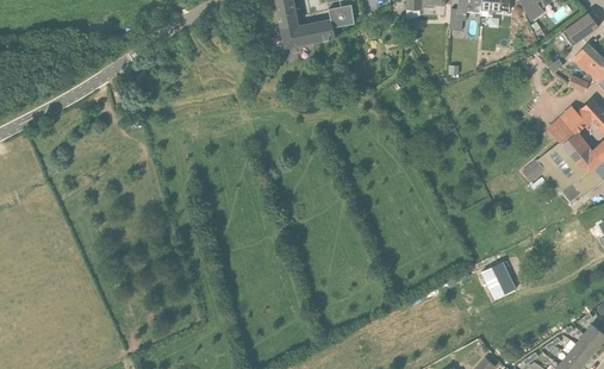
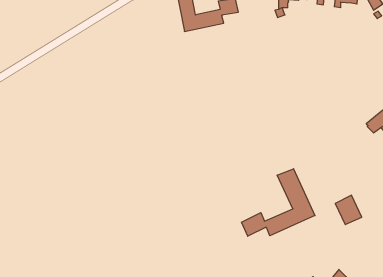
building: none -> [241,169,315,236]

